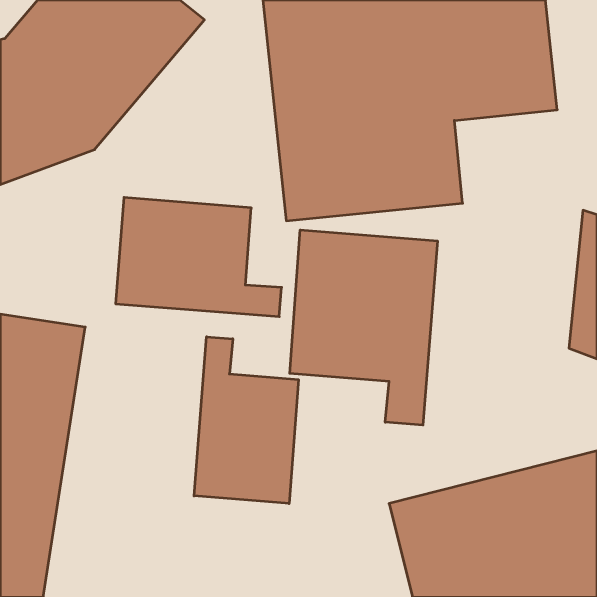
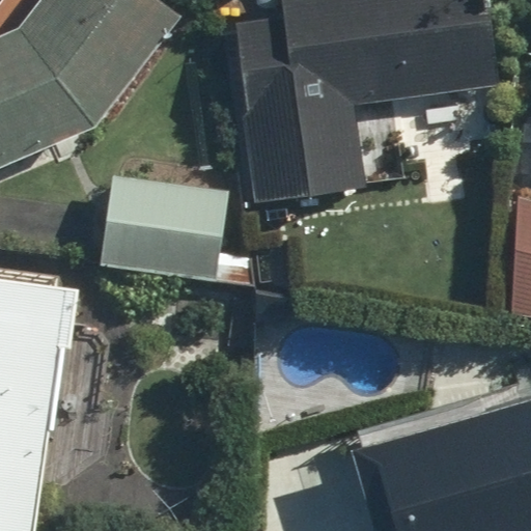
building: [290,230,437,425] -> none
building: [194,337,298,504] -> none

